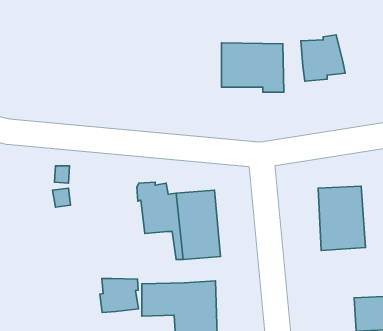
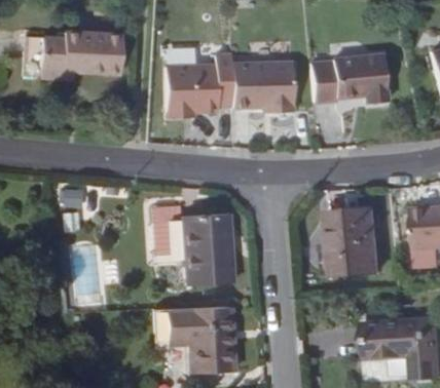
building: none -> [26,33,125,79]
building: none -> [350,53,391,103]
building: none -> [166,55,232,118]
building: [100,278,139,313] -> none

